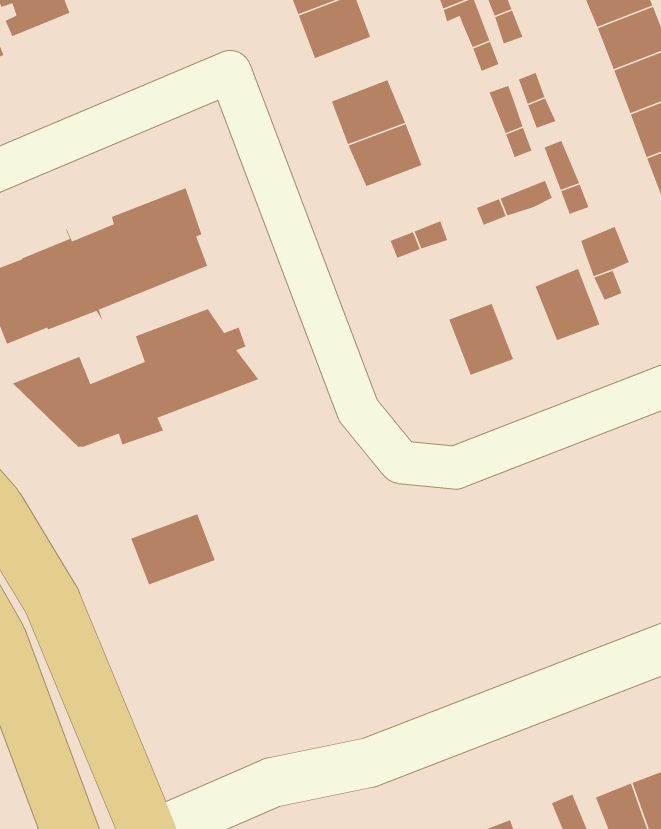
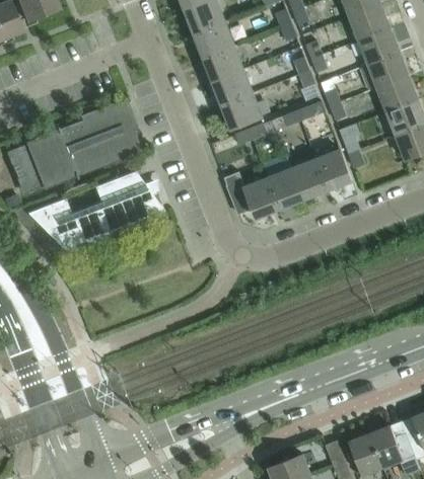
building: none -> [194,21,234,57]
building: none -> [222,92,263,129]
building: none -> [292,159,328,199]
building: none -> [224,171,280,218]
building: [130,513,216,586] -> none

